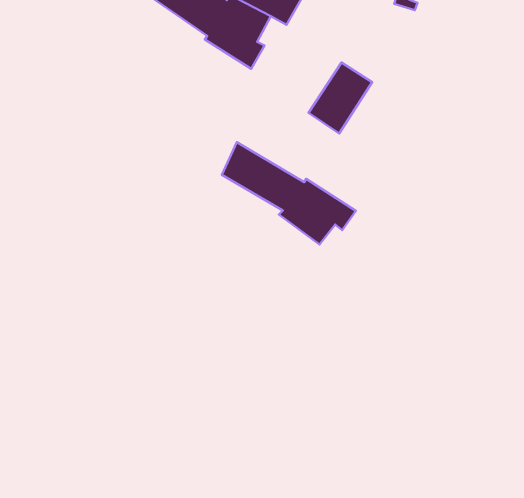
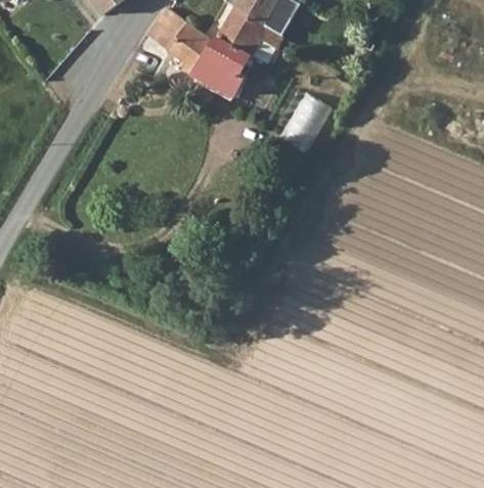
building: [222,142,356,245] -> none

